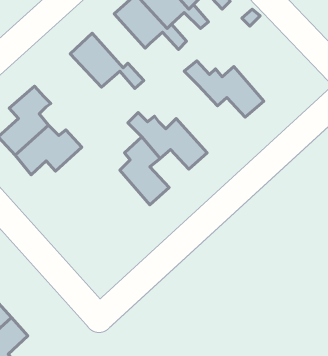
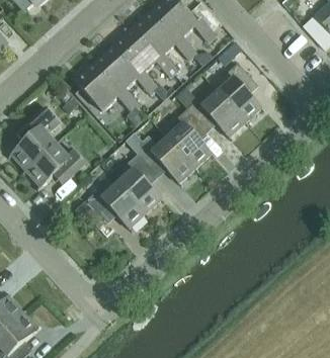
building: none -> [93,46,158,94]
building: none -> [218,63,260,122]
building: none -> [167,108,211,168]
building: none -> [86,183,144,228]

